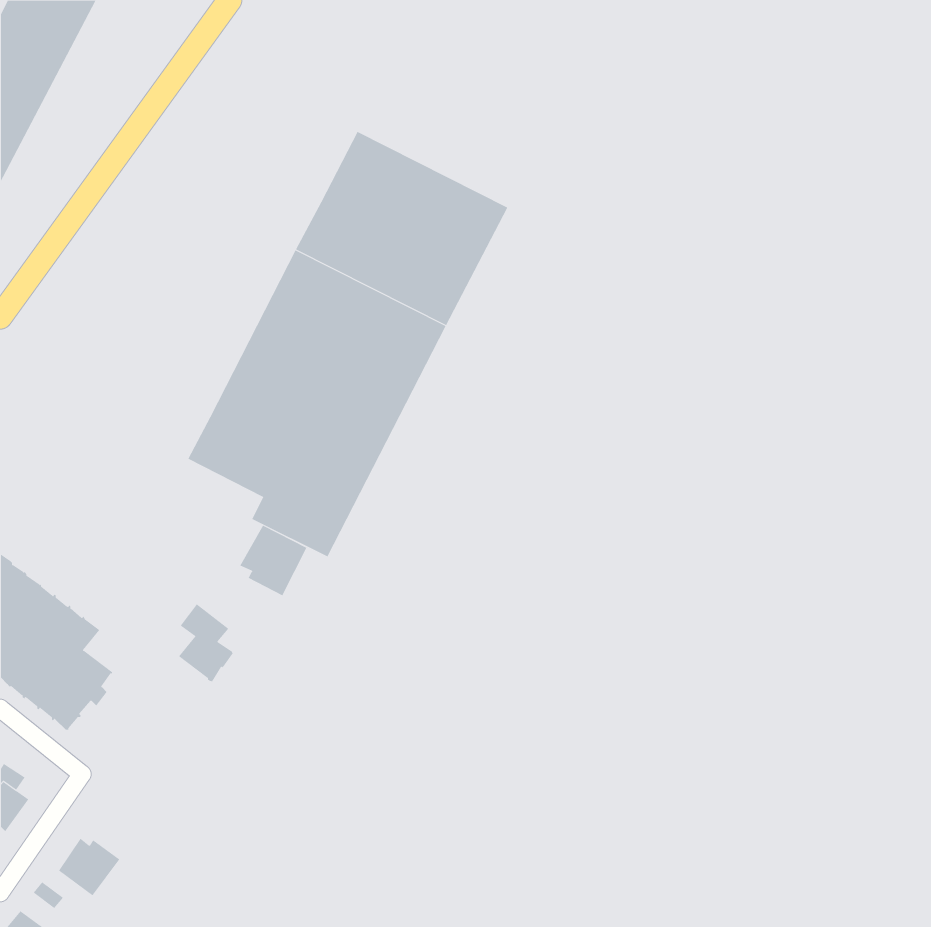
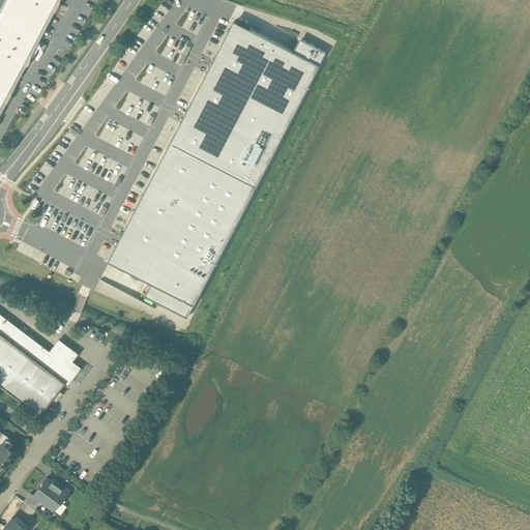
building: none -> [203,21,323,120]
building: [239,525,307,596] -> none
building: [178,603,235,682] -> [48,342,80,386]

